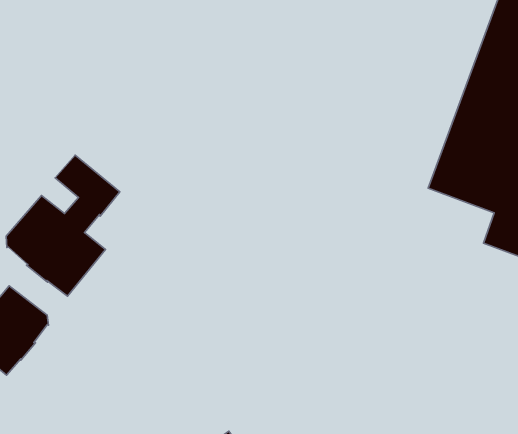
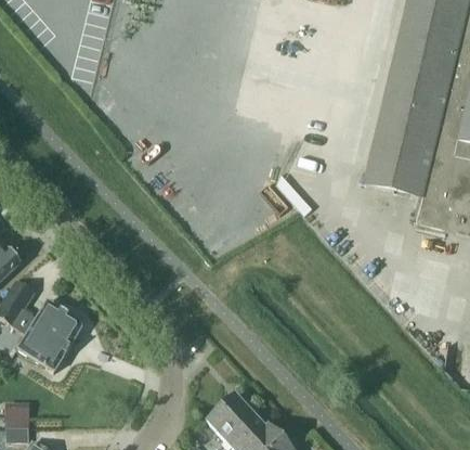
building: [6,155,120,296] -> none

